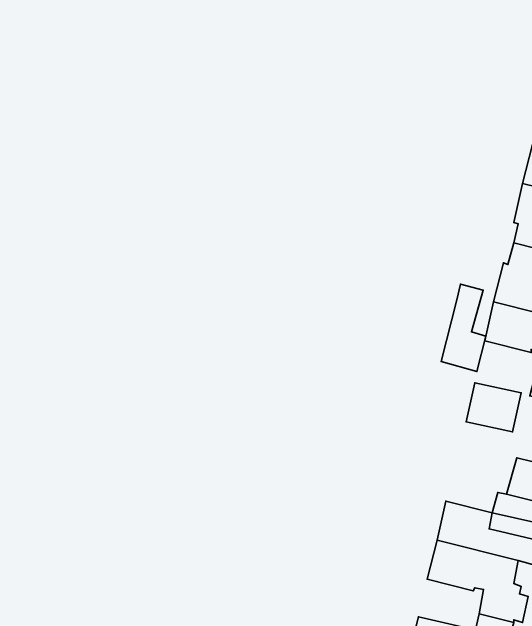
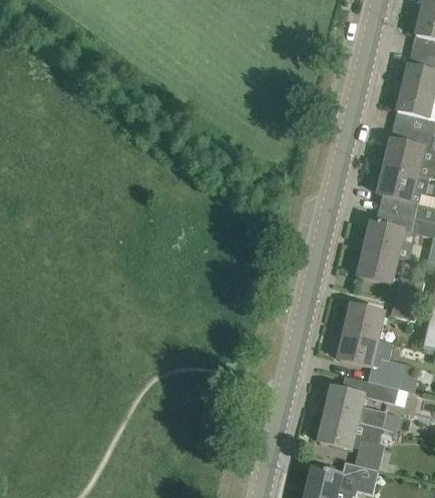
building: [441,284,486,371] -> none
building: none -> [339,331,378,365]

